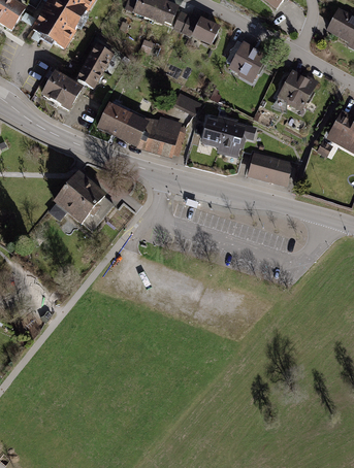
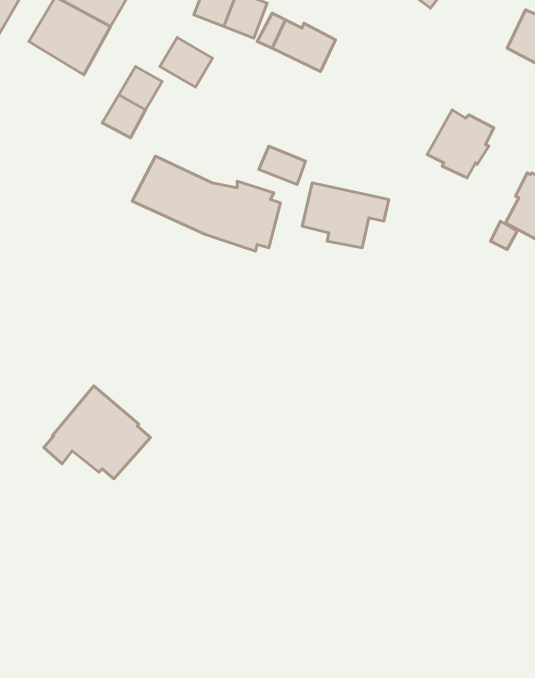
building: none -> [160,37,213,87]
building: [225,40,269,85] -> none
building: [40,69,83,109] -> none
building: [247,152,293,188] -> none
building: [49,173,115,231] -> [44,386,150,479]

